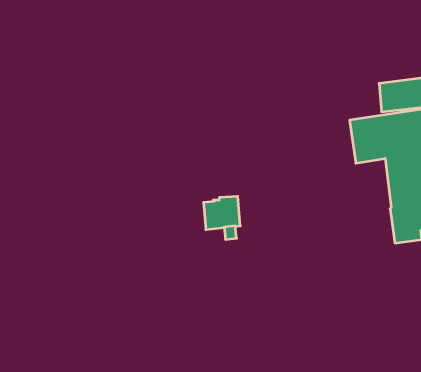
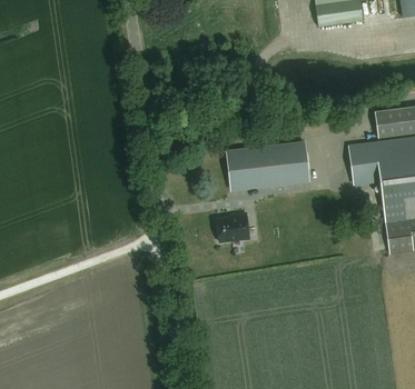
building: none -> [227,142,308,190]

